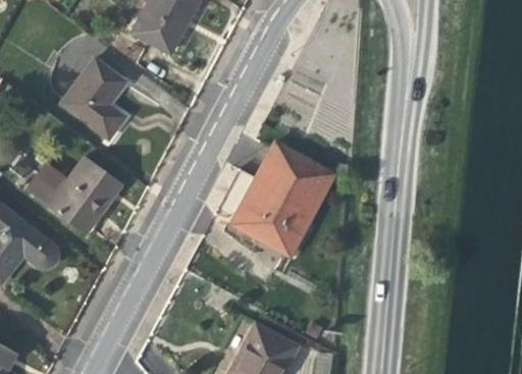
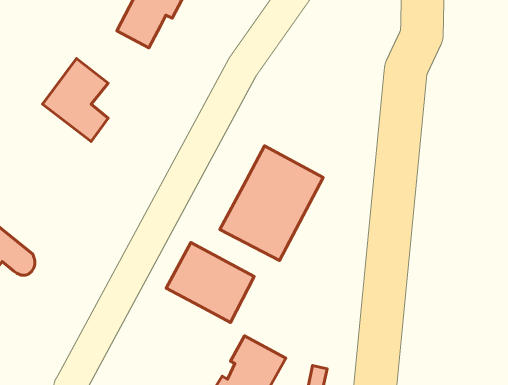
building: [28,159,119,232] -> none
building: none -> [166,243,254,323]

